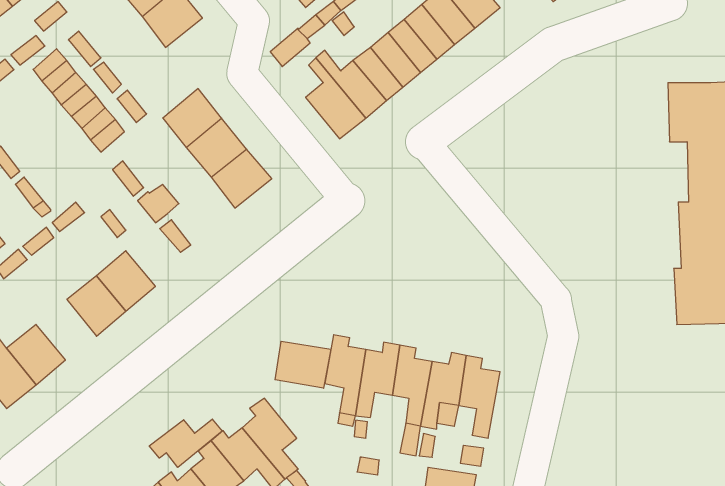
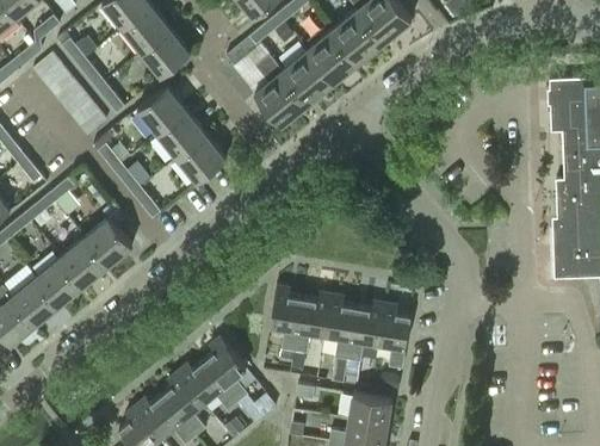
building: none -> [141,29,190,76]
building: none -> [36,256,85,305]
building: [275,341,331,388] -> none
building: [149,419,222,467] -> none

